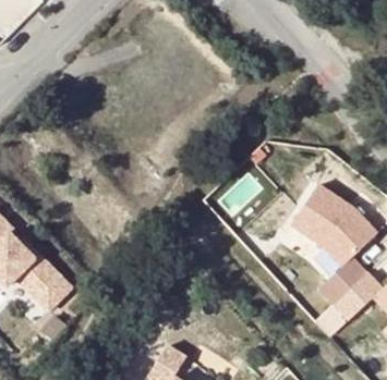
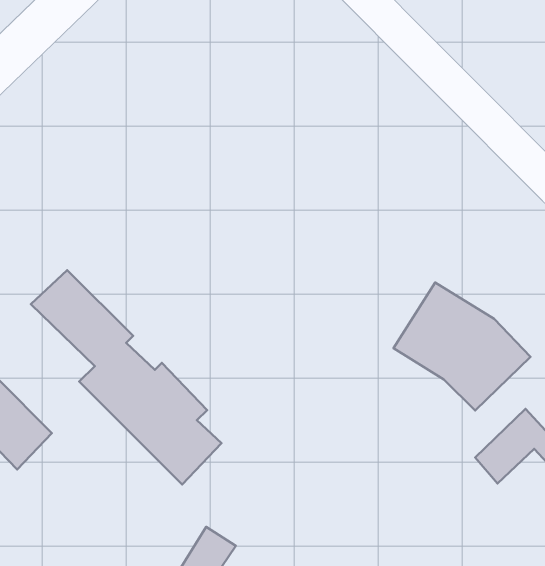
building: none -> [31,270,222,484]

